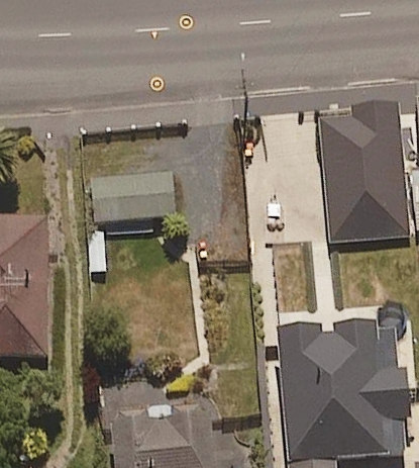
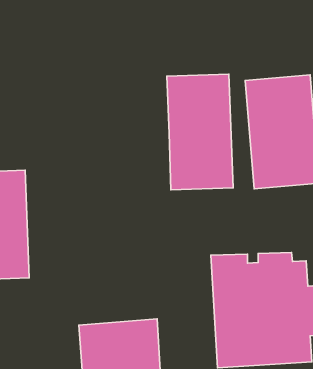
building: none -> [167,74,233,190]
building: [91,178,174,223] -> none

